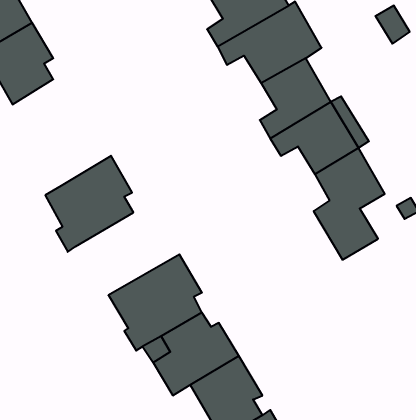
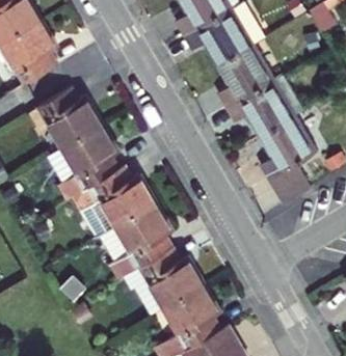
building: none -> [37,87,101,147]
building: none -> [73,165,155,236]

